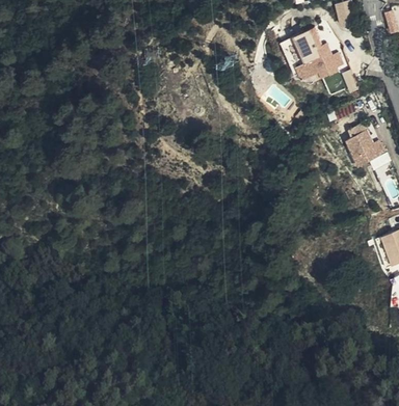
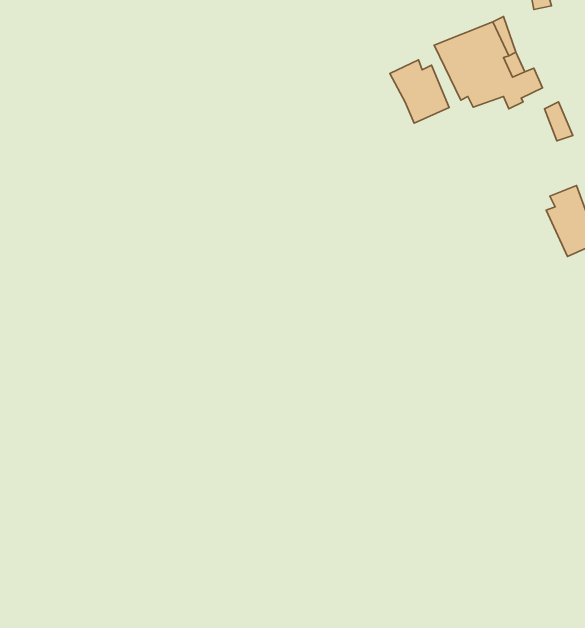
building: none -> [390,60,449,123]

